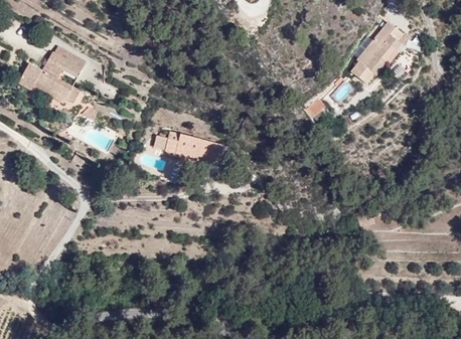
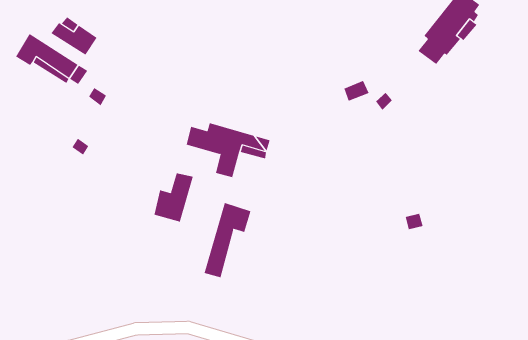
building: none -> [154,173,194,222]
building: none -> [204,202,251,278]

